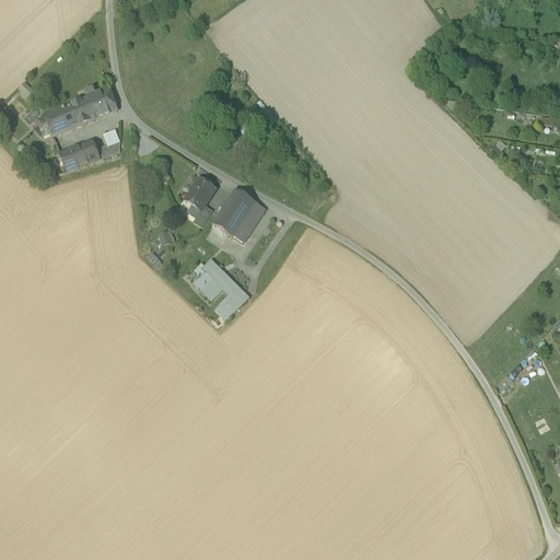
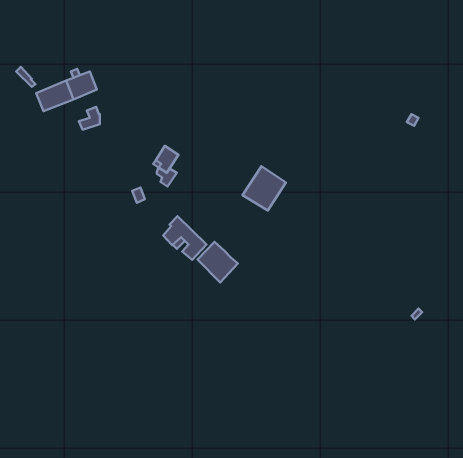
building: [60,139,100,170] -> none
building: [212,187,265,241] -> [242,166,286,211]
building: none -> [197,242,238,283]

